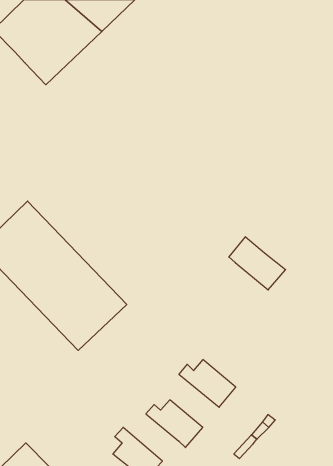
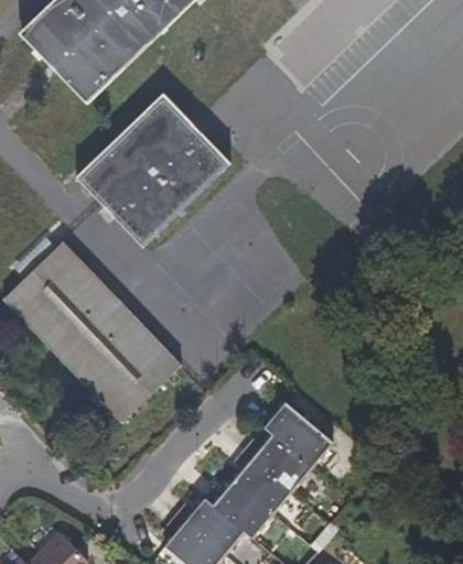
building: none -> [75,94,230,247]
building: [229,237,286,290] -> [265,402,333,466]
building: none -> [233,451,292,514]
building: none -> [176,498,244,555]

